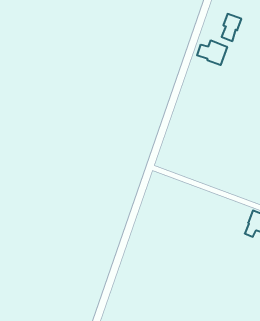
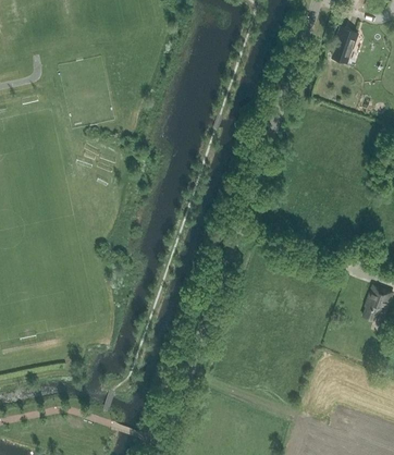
building: [197,40,227,65] -> none

